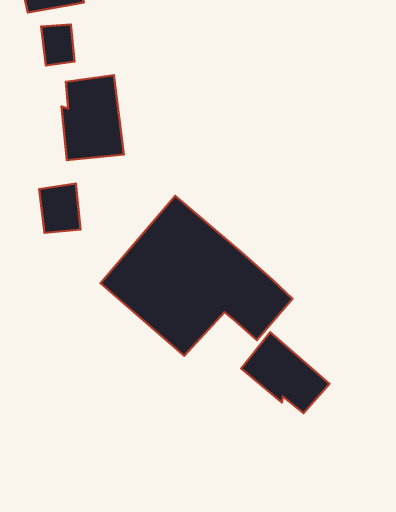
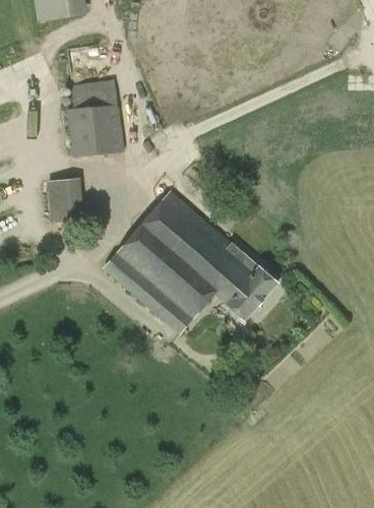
building: [41,25,75,65] -> none
building: [241,332,330,413] -> none

